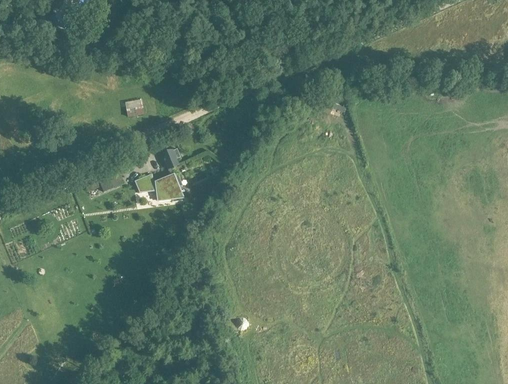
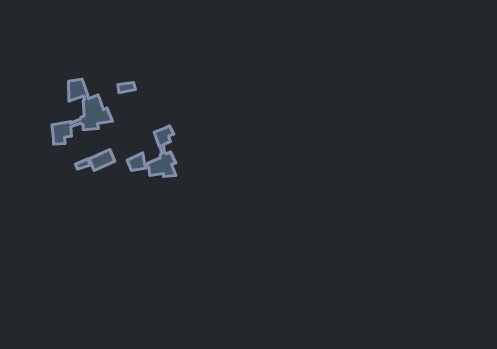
building: none -> [52,79,113,144]

